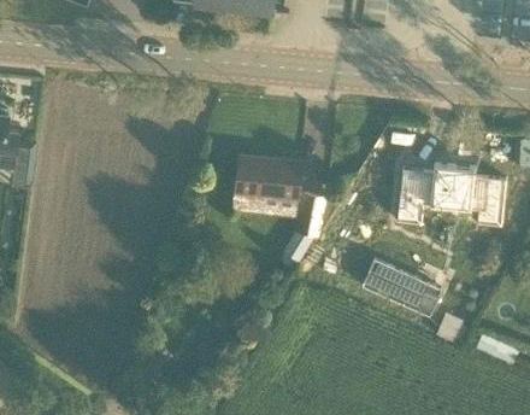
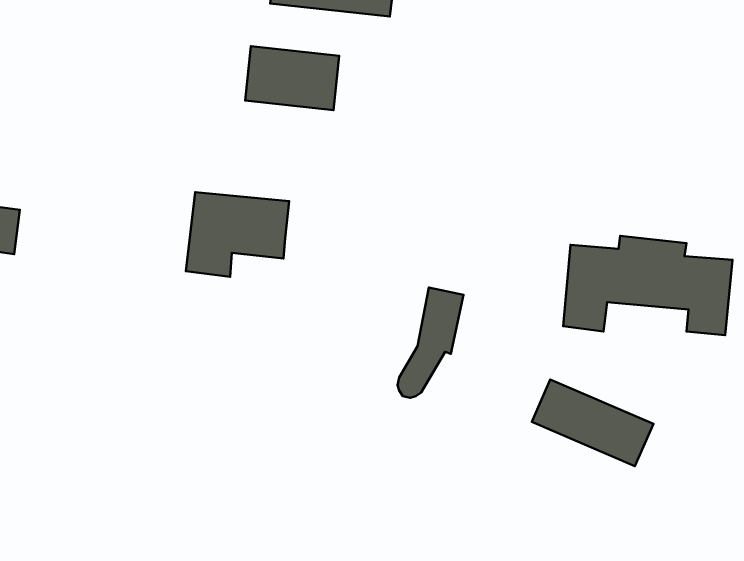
building: none -> [245,46,339,110]
building: [231,157,299,212] -> [186,192,289,277]

